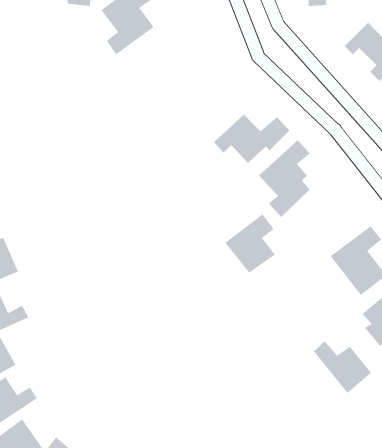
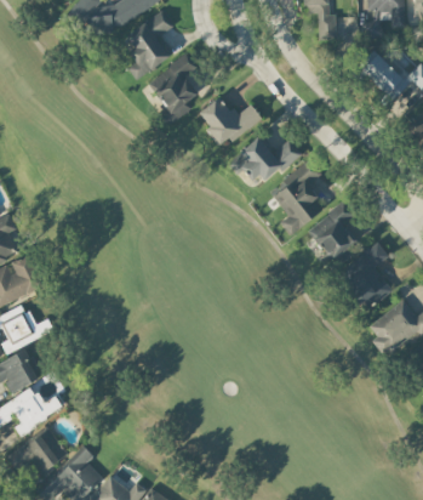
building: none -> [154,56,194,120]
building: none -> [199,96,262,146]
building: [225,213,276,274] -> [307,201,355,258]
building: [313,341,372,394] -> none

